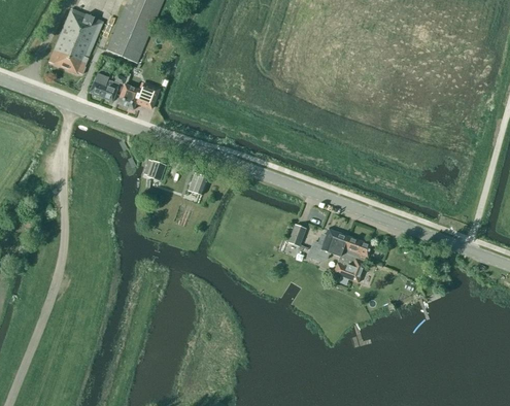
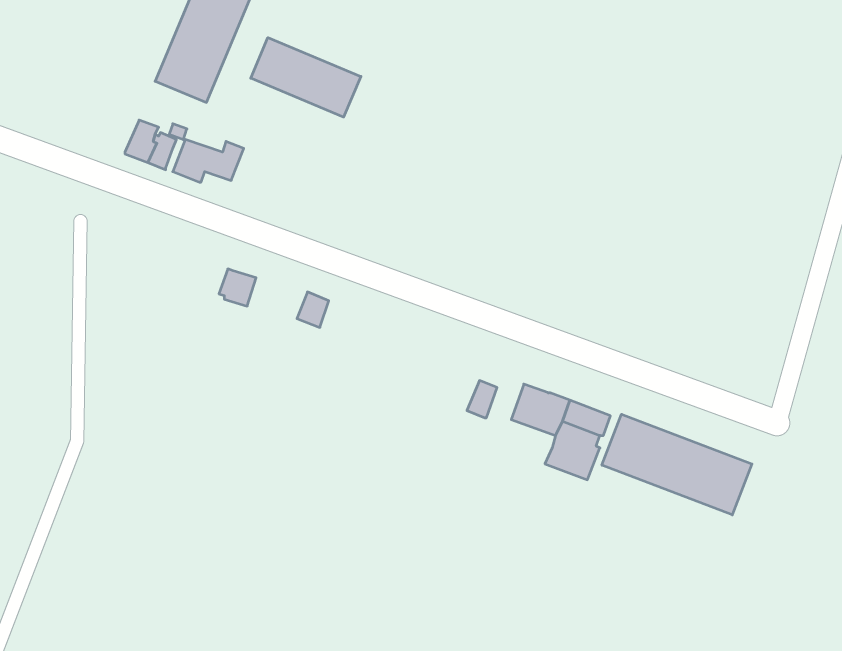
building: [48,8,102,74] -> none
building: none -> [251,38,361,117]
building: none -> [602,414,752,515]

